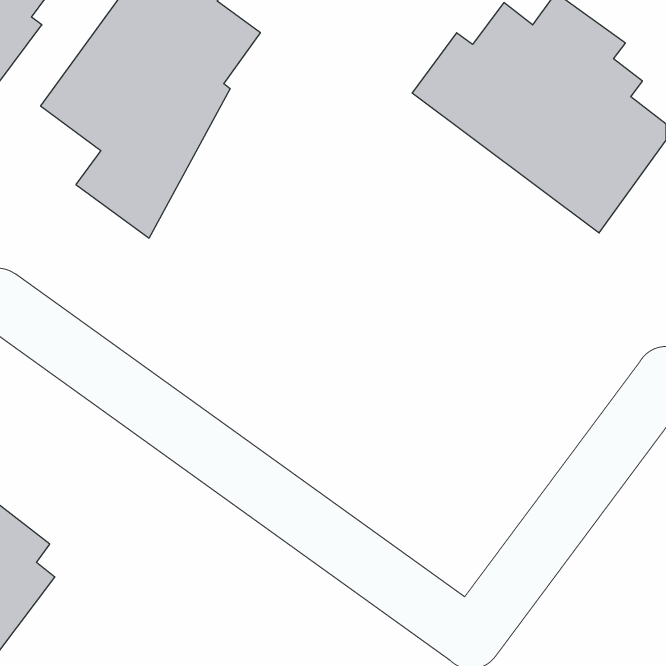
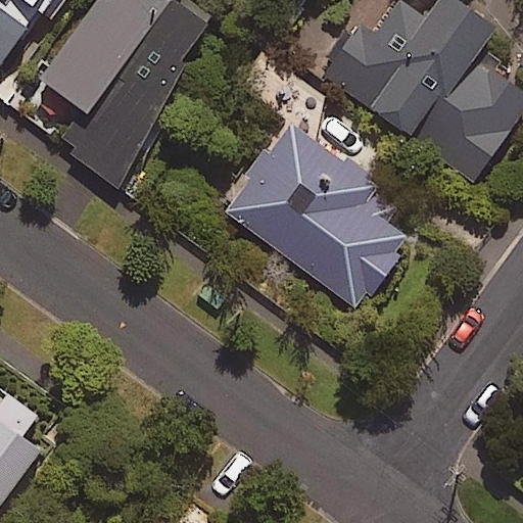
building: none -> [246,102,434,297]

